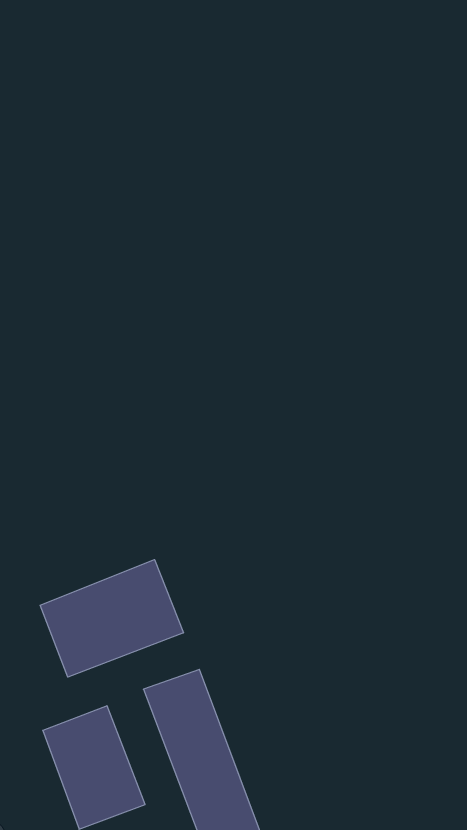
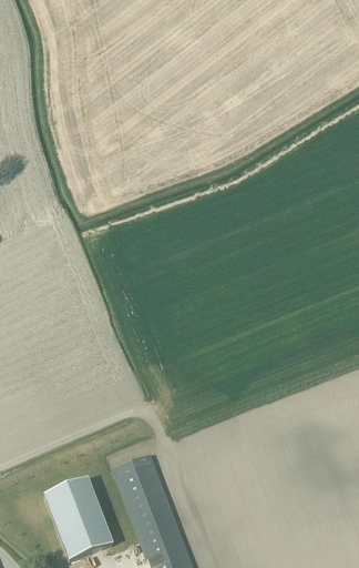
building: [40,560,183,677] -> none

